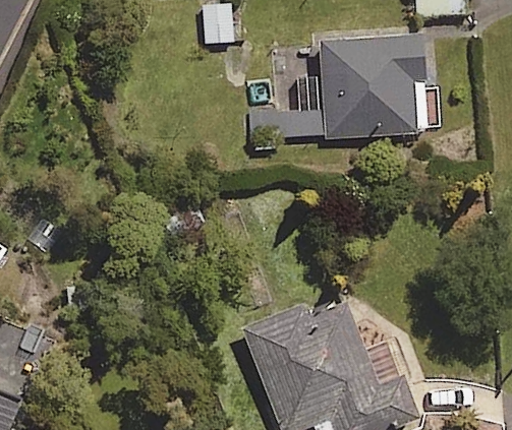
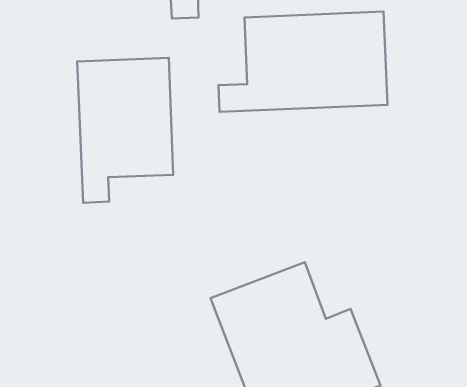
building: none -> [77,58,173,203]

